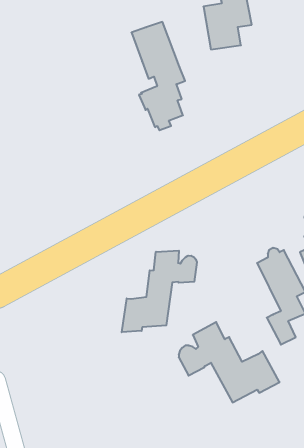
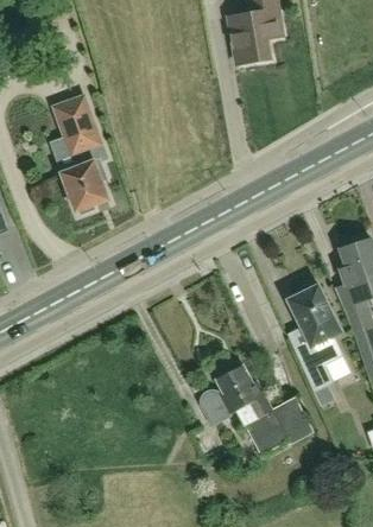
building: [131,22,185,130] -> [50,94,109,214]
building: [122,251,197,332] -> none

